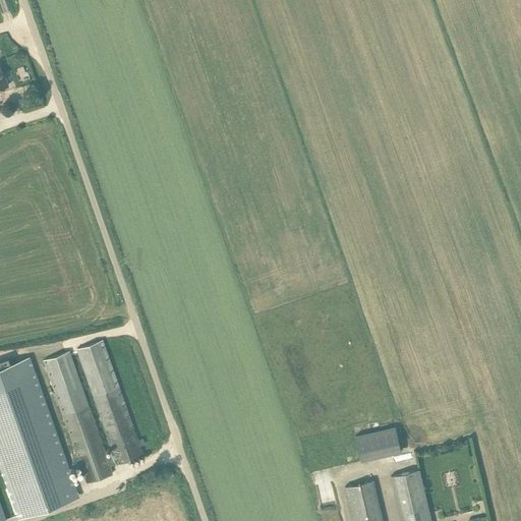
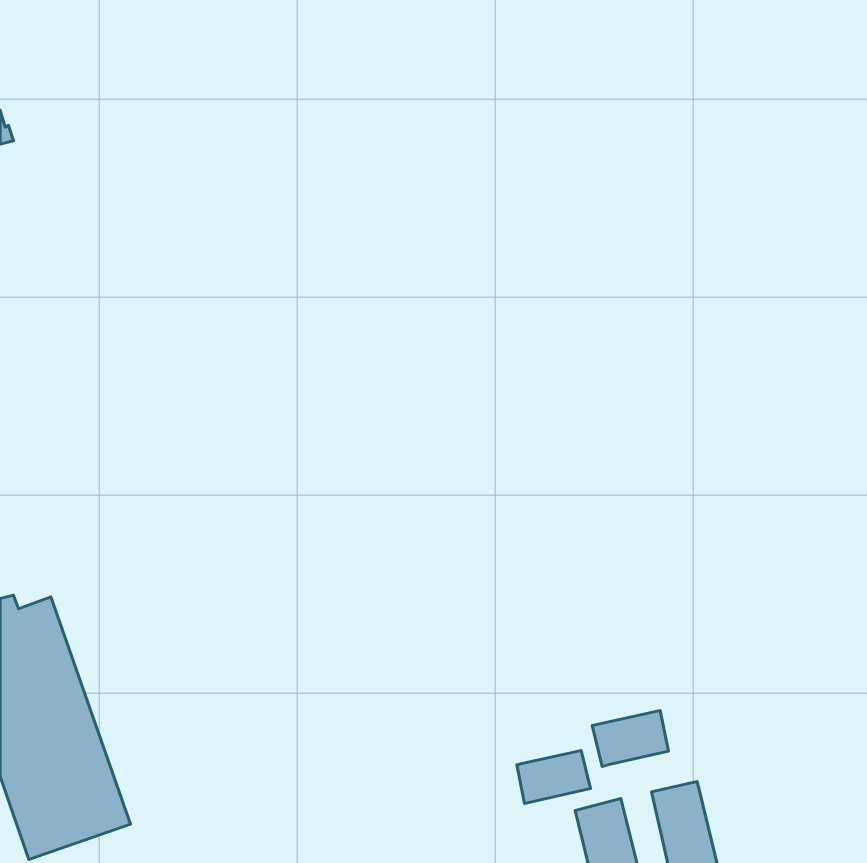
building: [44,341,142,483] -> none
building: none -> [517,751,591,803]

